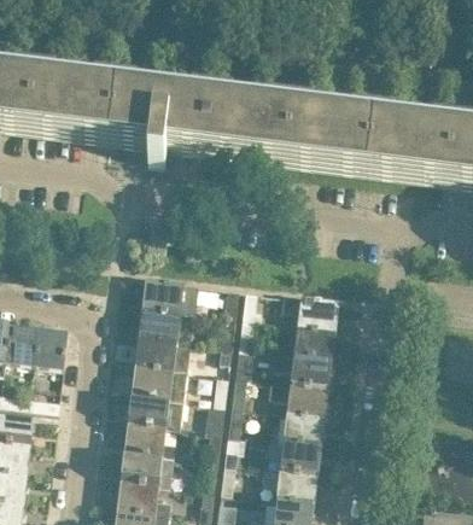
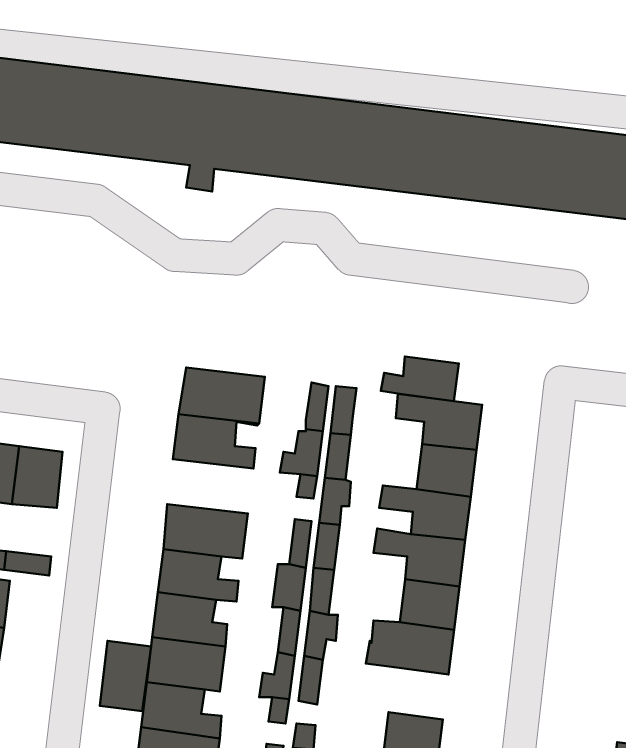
building: none -> [381,356,459,401]
building: [135,327,191,362] -> none
building: none -> [100,641,151,711]
building: [262,459,316,495] -> none

